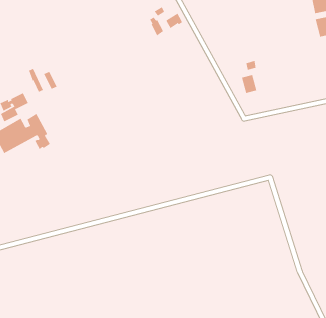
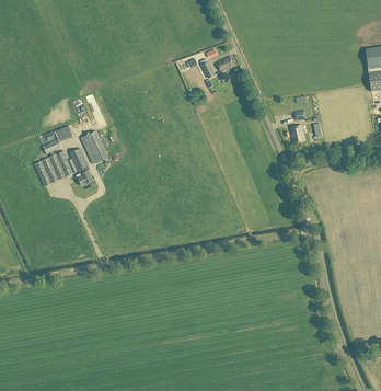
building: none -> [80,130,108,163]

